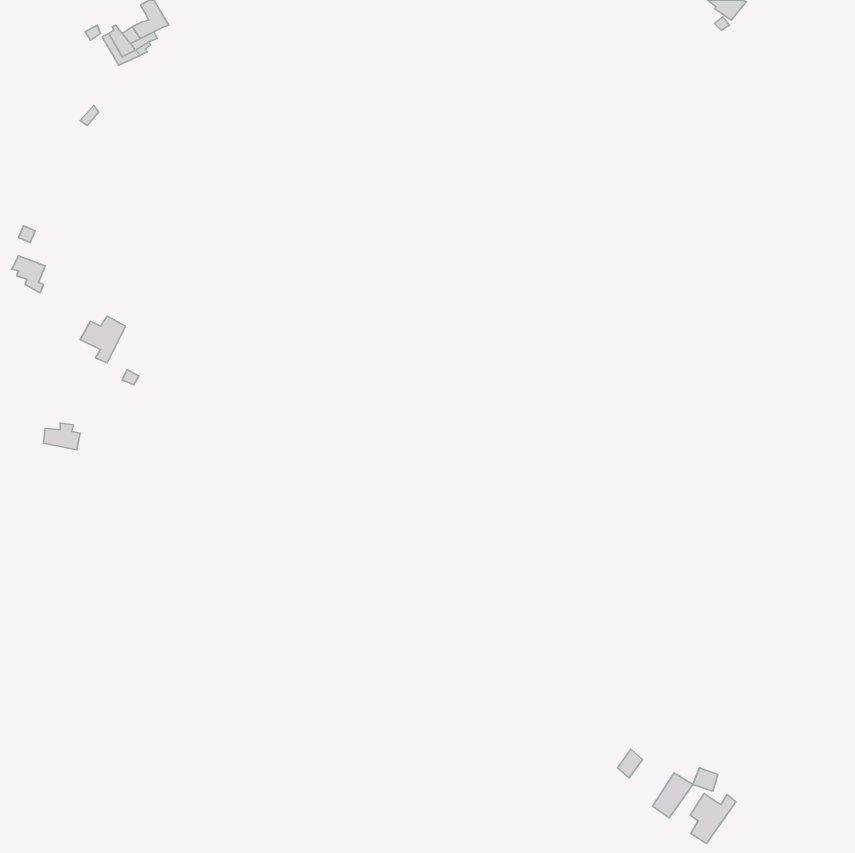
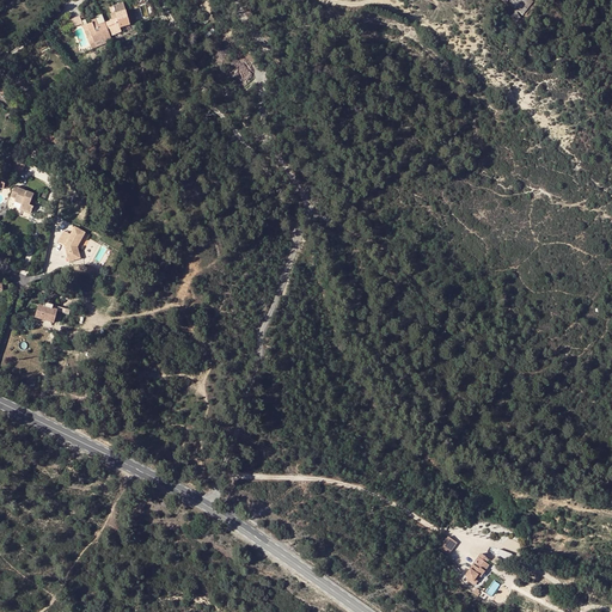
building: [690,793,736,844] -> none

